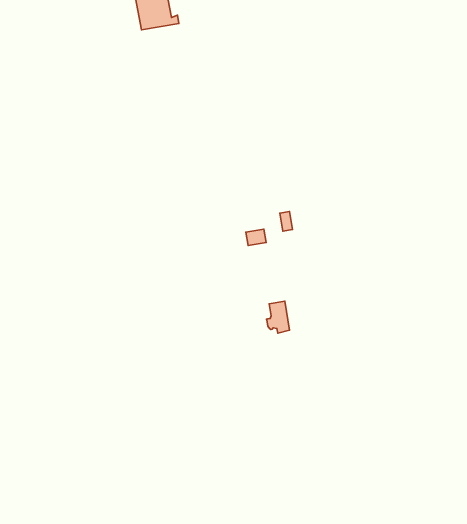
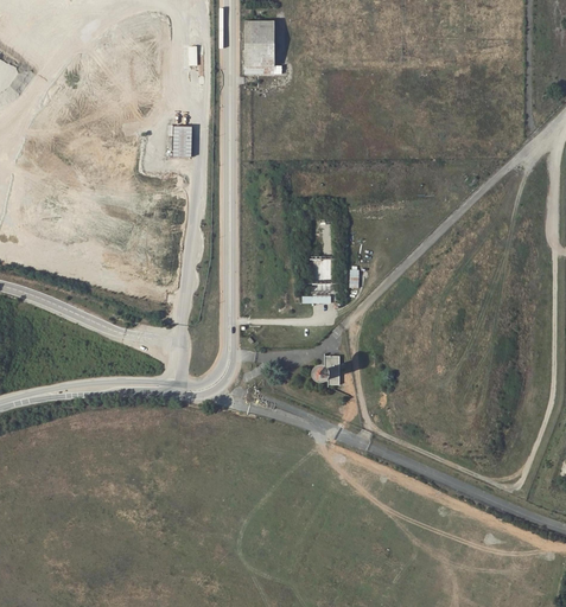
building: none -> [172,126,191,156]

